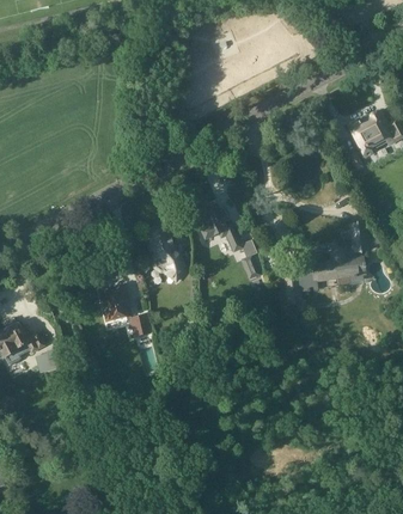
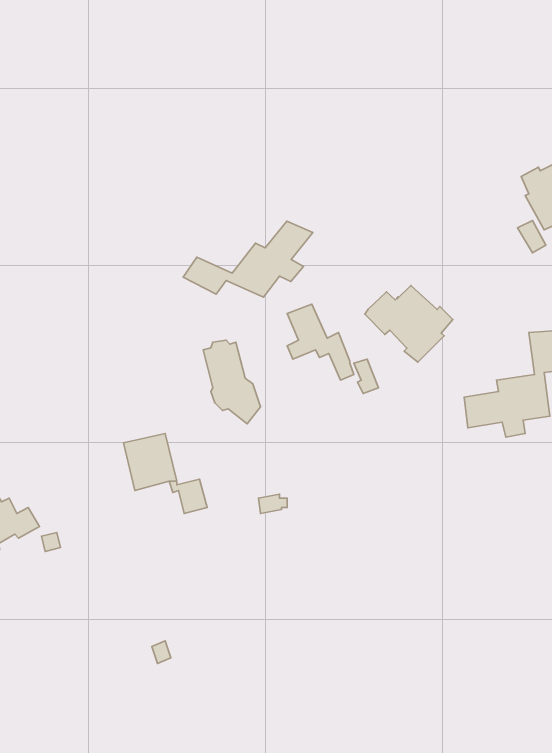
building: none -> [183,221,313,297]
building: none -> [365,285,453,362]

